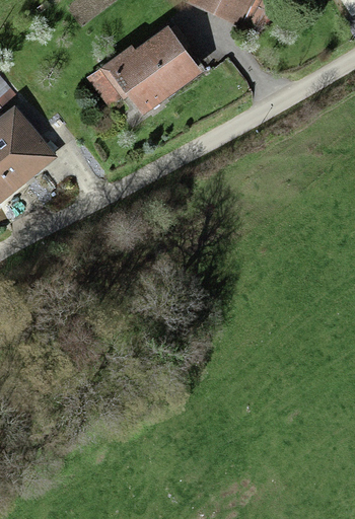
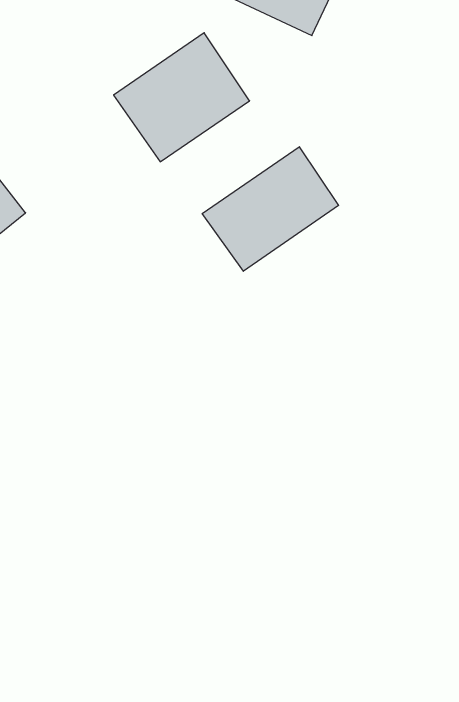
building: none -> [202,147,339,271]

